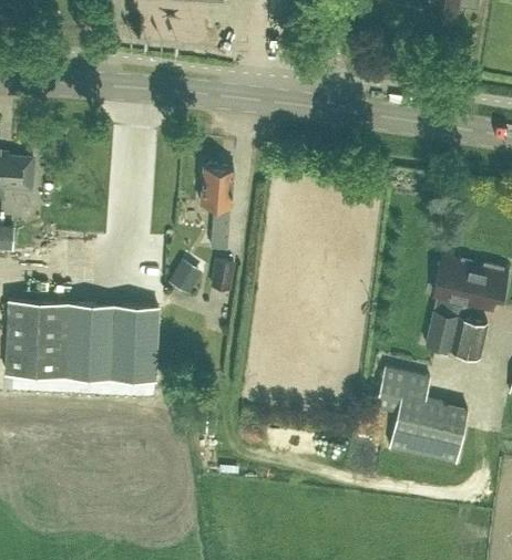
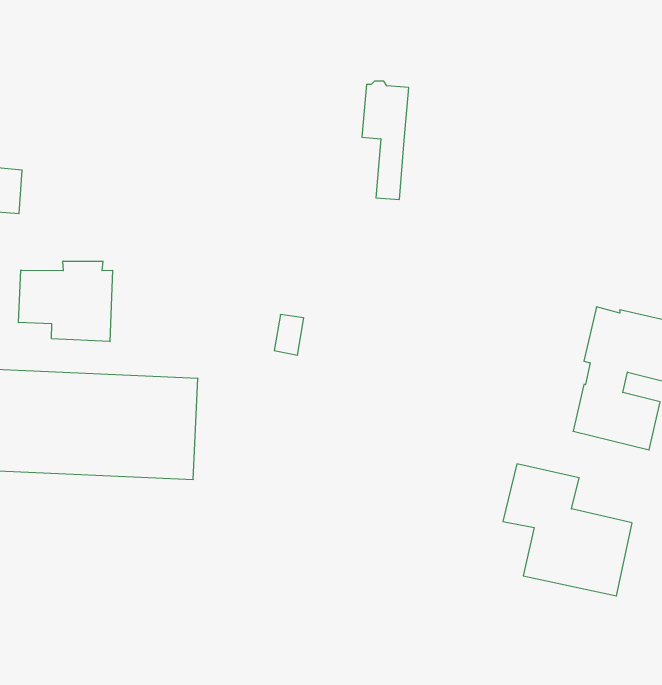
building: [201,166,234,250] -> [362,81,409,199]
building: none -> [19,261,113,342]
building: [167,261,202,297] -> none

